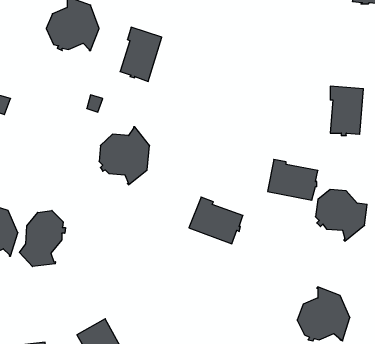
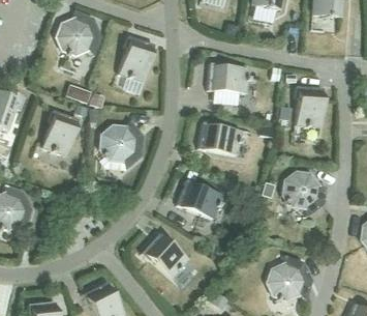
building: none -> [207,62,248,93]
building: none -> [41,110,78,154]
building: [268,159,318,200] -> [197,120,240,154]
building: [19,210,65,267] -> none
building: none -> [141,232,187,277]

